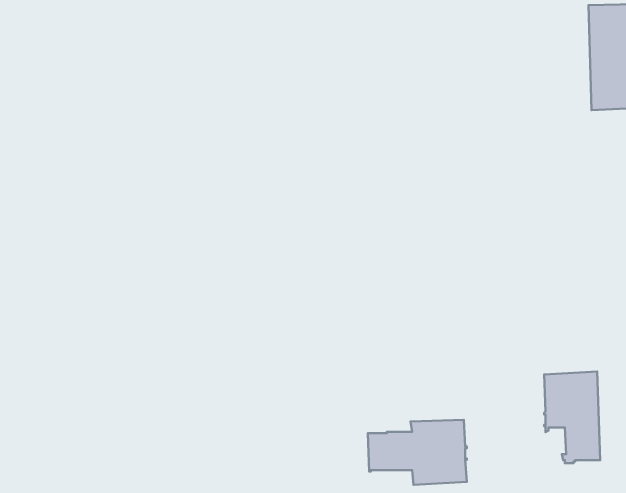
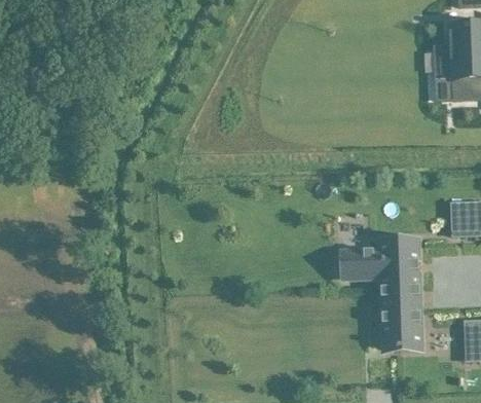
building: [368,420,467,485] -> [353,241,421,286]

